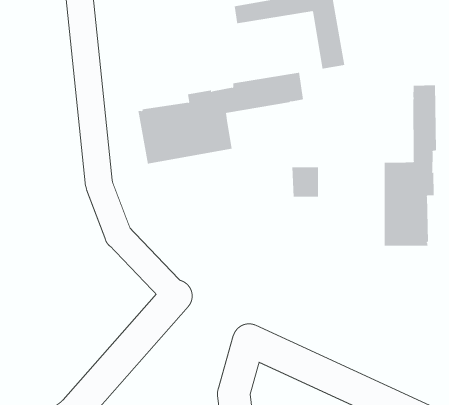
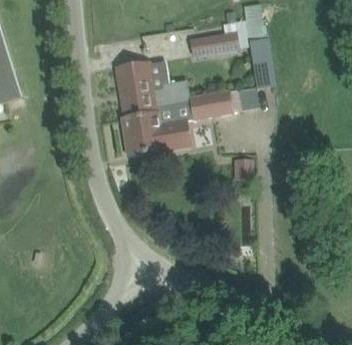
building: none -> [116,61,213,115]
building: [384,84,436,246] -> none

